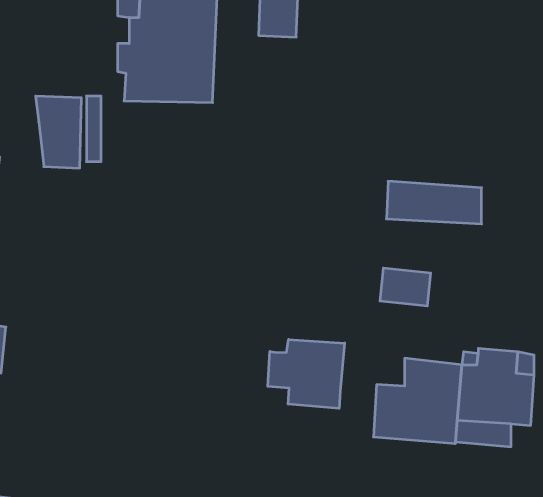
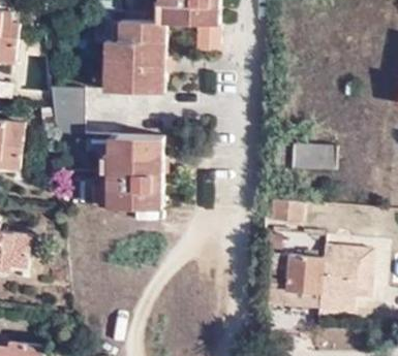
building: none -> [99,135,161,206]
building: [268,339,345,408] -> none

